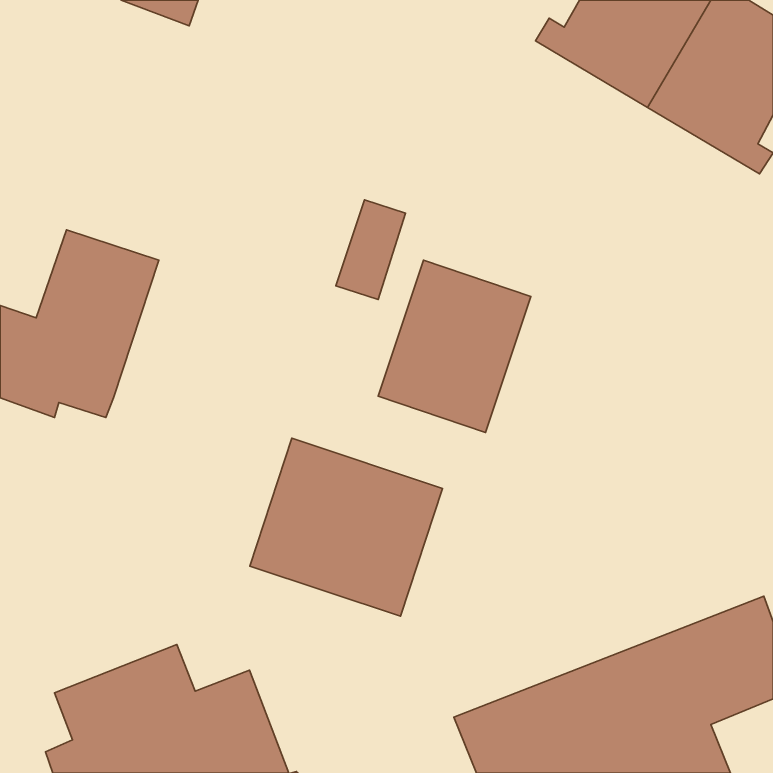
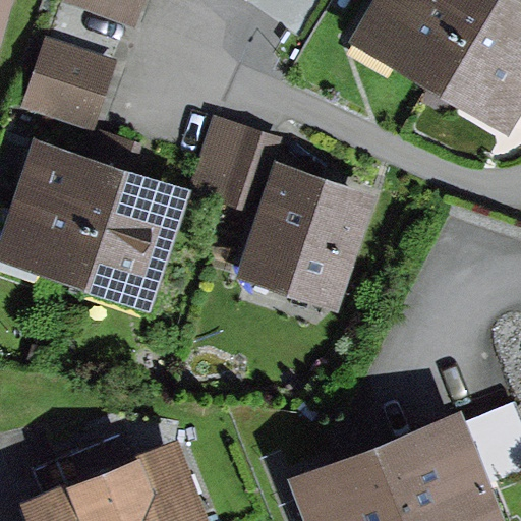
building: none -> [26,31,105,117]
building: none -> [76,175,170,288]
building: [250,438,442,616] -> none

